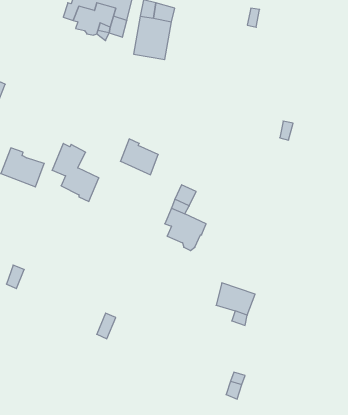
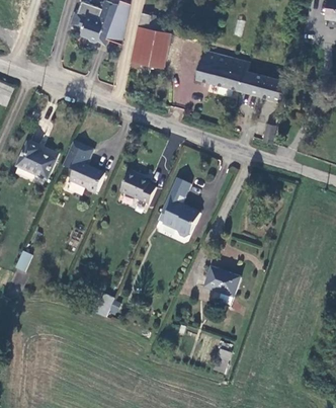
building: none -> [198,48,288,99]
building: [120,139,158,175] -> [119,173,154,206]

